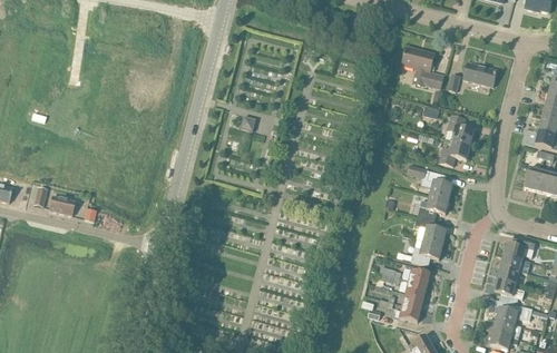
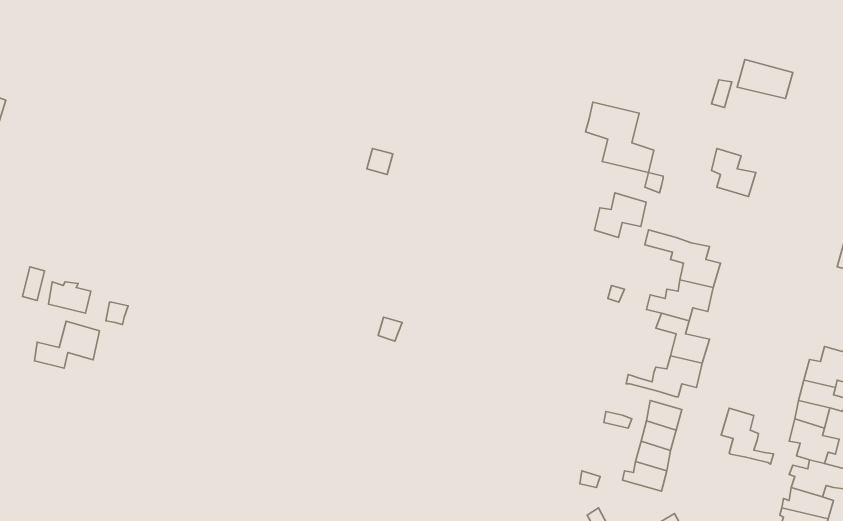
building: [402,47,443,89] -> [585,102,654,172]
building: [439,139,470,166] -> [594,193,646,237]
building: none -> [34,321,99,368]
building: none -> [721,408,774,464]

